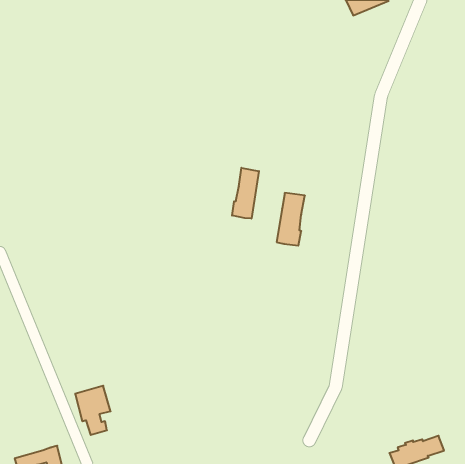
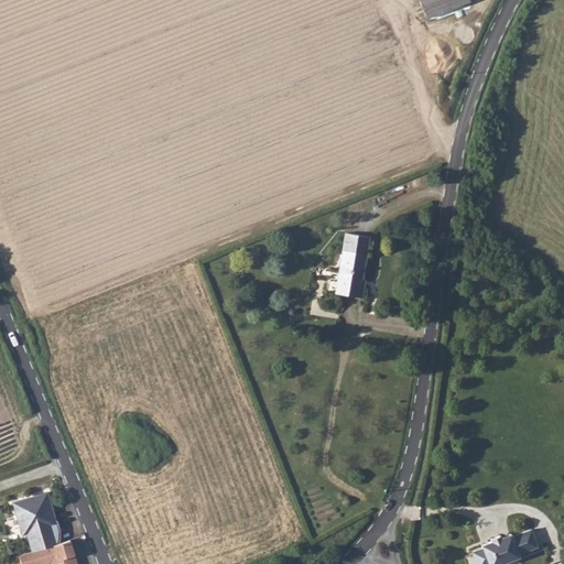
building: [232,168,259,219] -> none
building: [75,386,111,435] -> [13,492,56,552]

